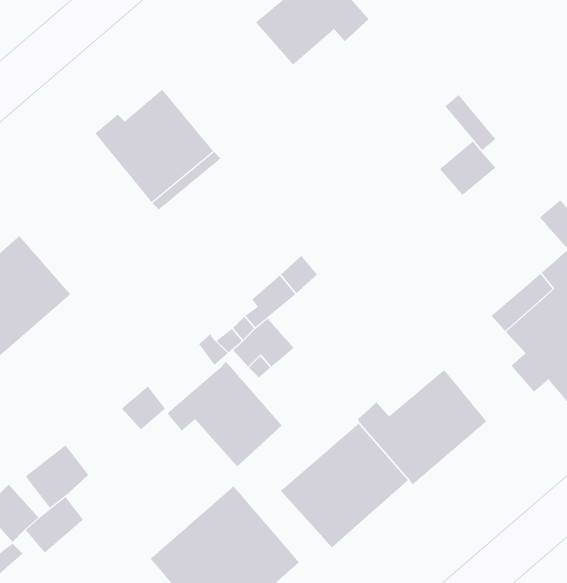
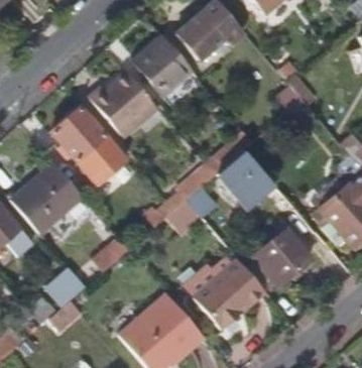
building: none -> [134,35,194,95]
building: none -> [53,107,128,186]
building: none -> [217,150,273,208]
building: [167,361,283,467] -> none

